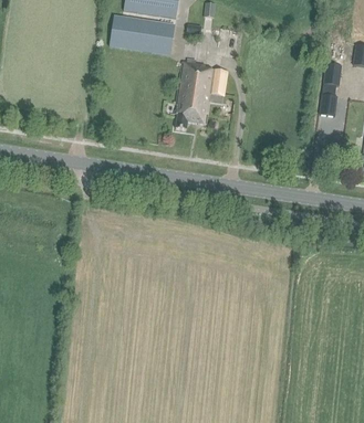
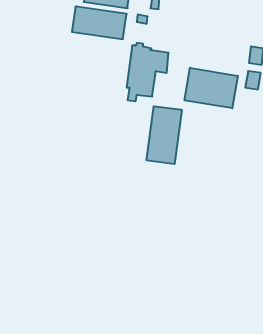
building: none -> [185,68,238,108]
building: none -> [147,106,182,164]

